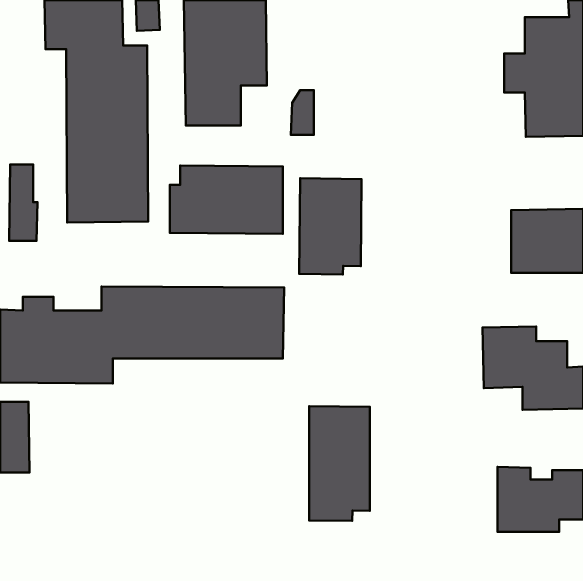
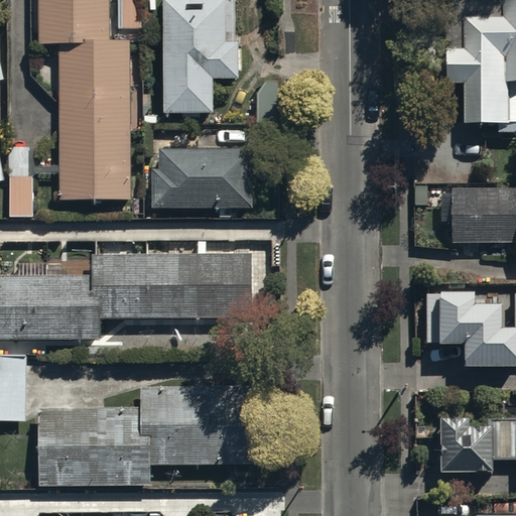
building: [299,178,361,275] -> none
building: [309,406,370,521] -> none
building: none -> [39,387,249,489]

